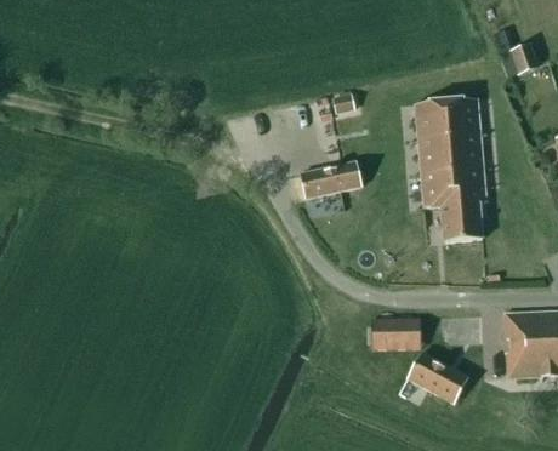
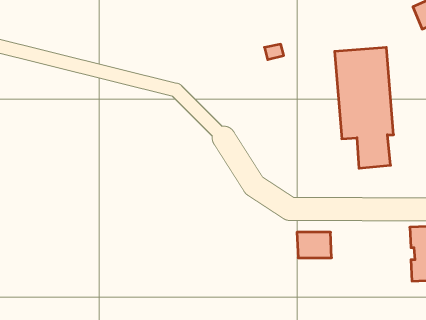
building: [300,161,363,199] -> none
building: [408,348,468,403] -> none

